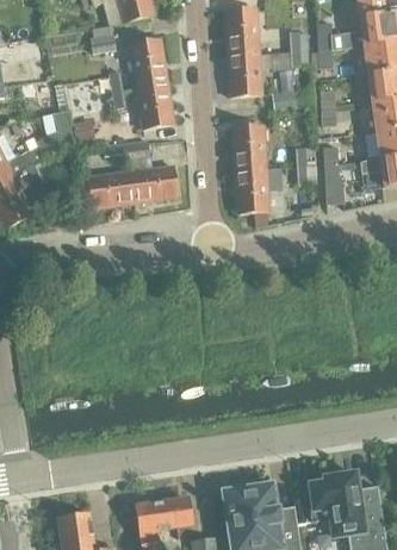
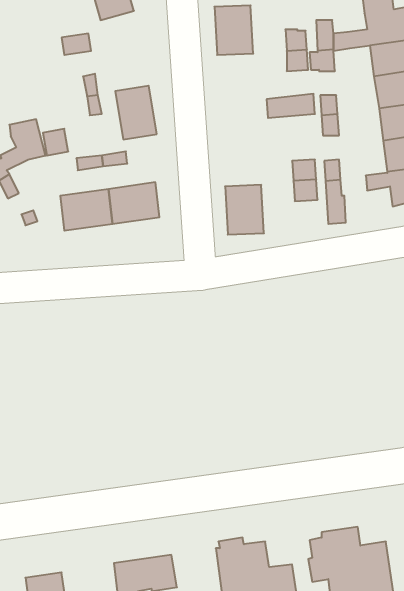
building: [130,38,167,85] -> none
building: [228,51,262,95] -> none
building: [232,125,267,169] -> none

